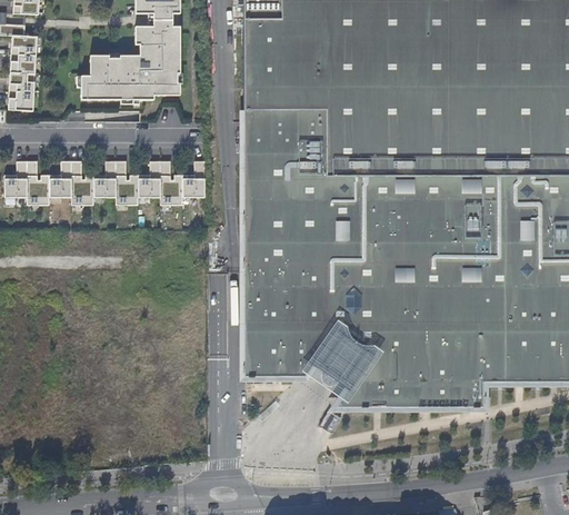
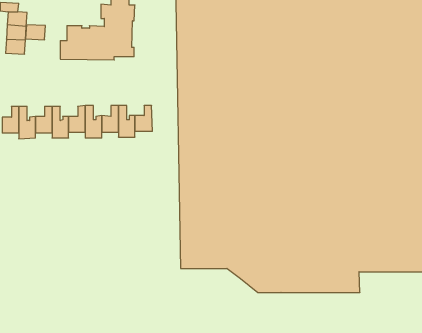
building: [9,90,36,110] -> [26,25,45,40]

